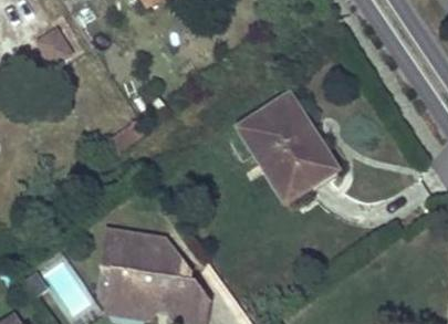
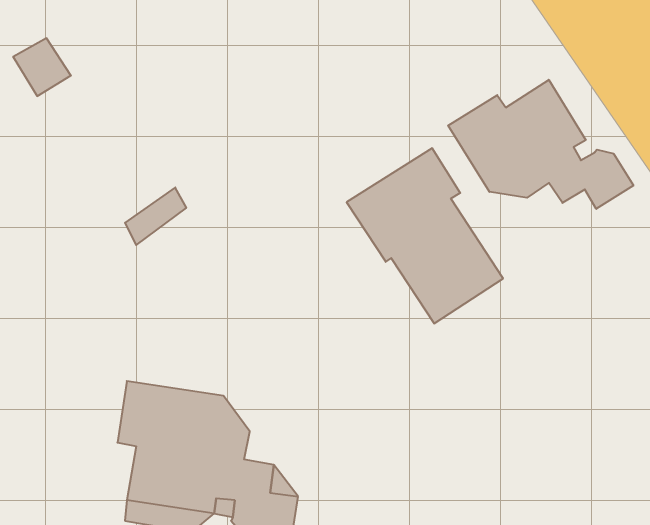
building: none -> [448,80,633,209]

